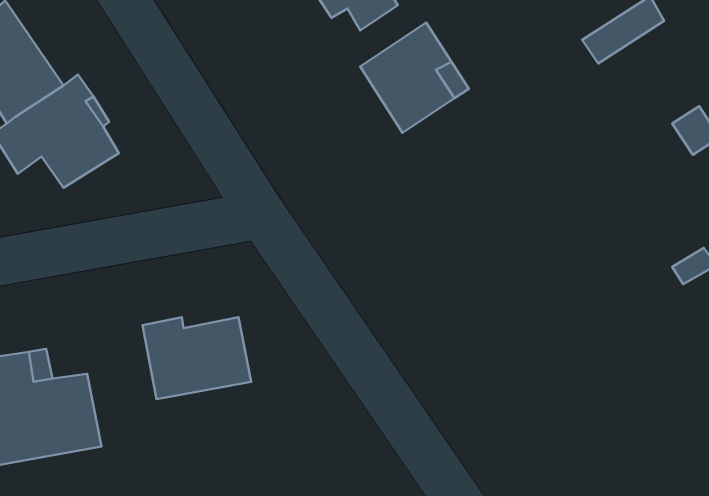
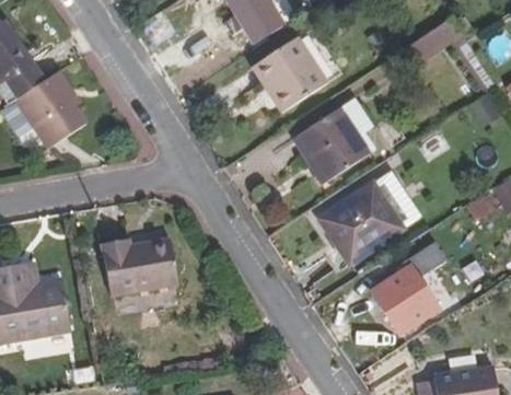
building: none -> [301,108,372,181]
building: none -> [320,169,421,262]
building: none -> [371,241,444,333]

